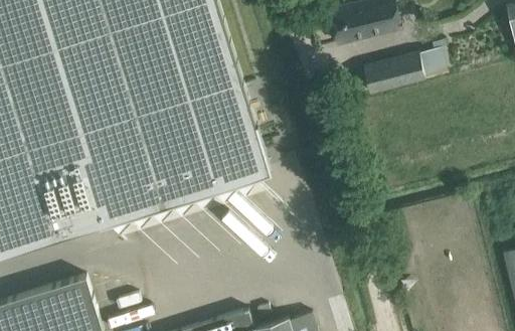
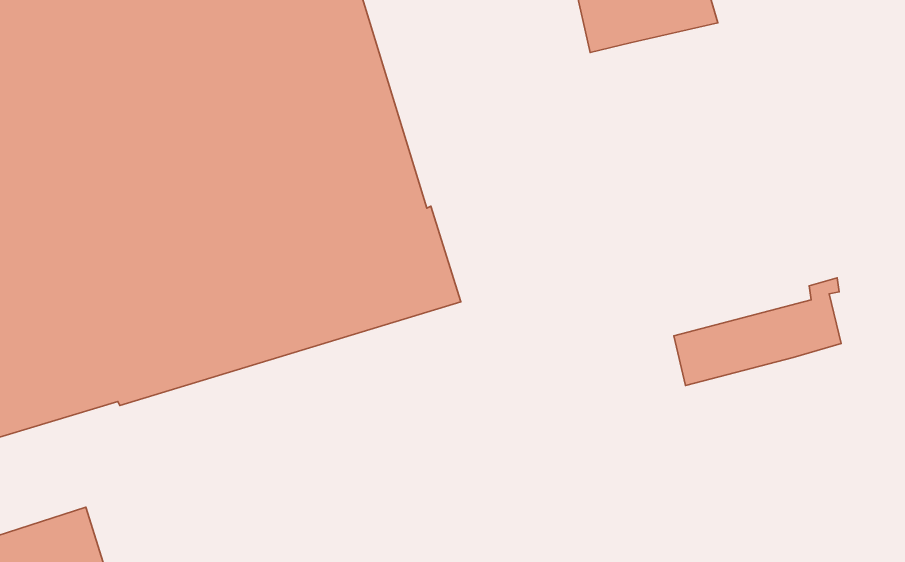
building: [363,43,448,98] -> [674,278,841,386]

